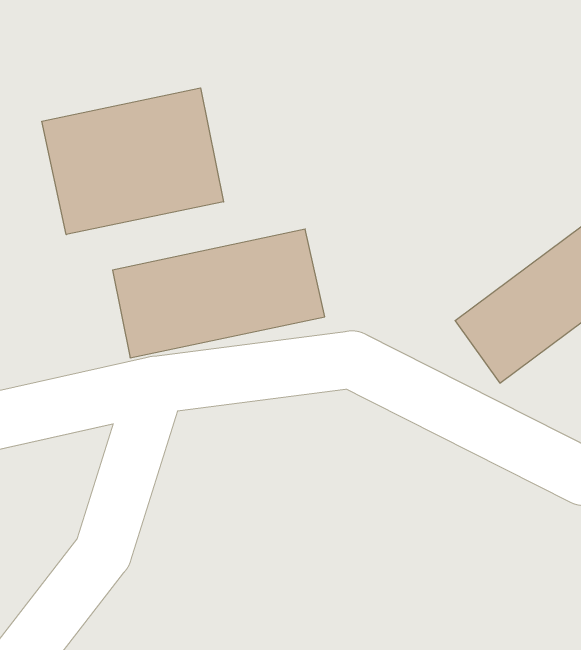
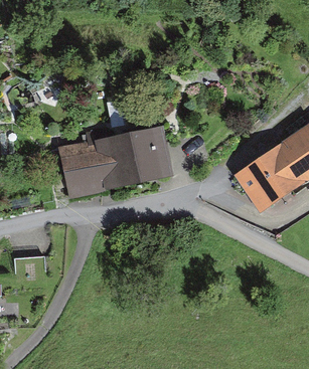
building: [42,88,224,235] -> none

